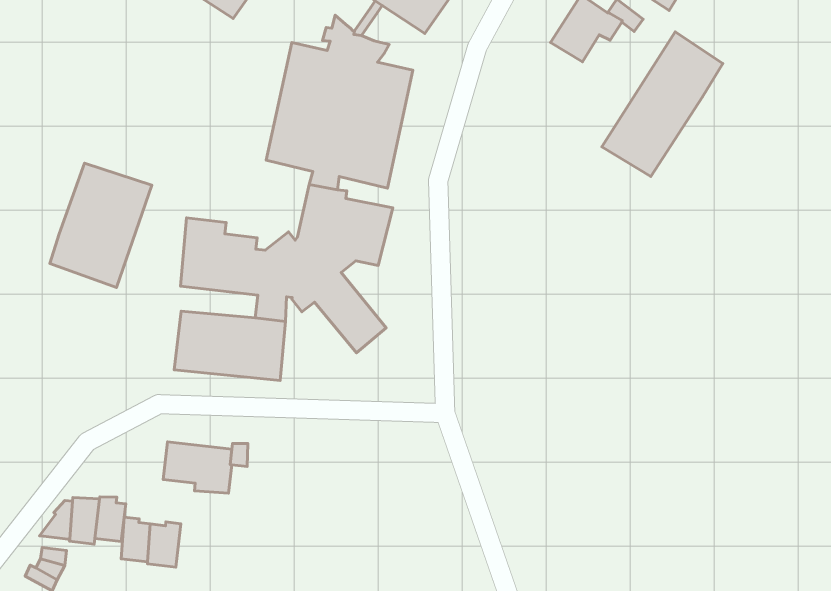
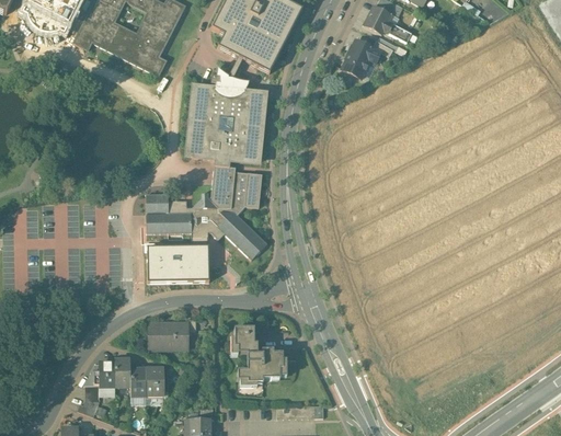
building: [602,32,723,177] -> none
building: [50,163,152,287] -> none
building: none -> [234,330,284,385]

